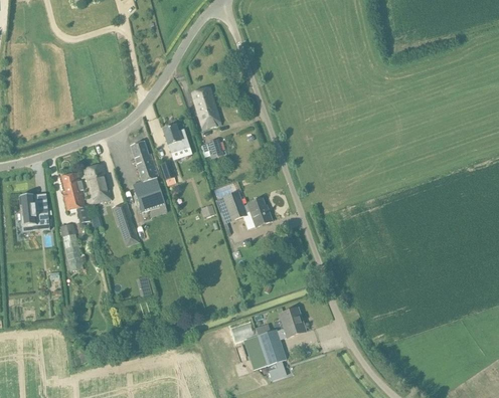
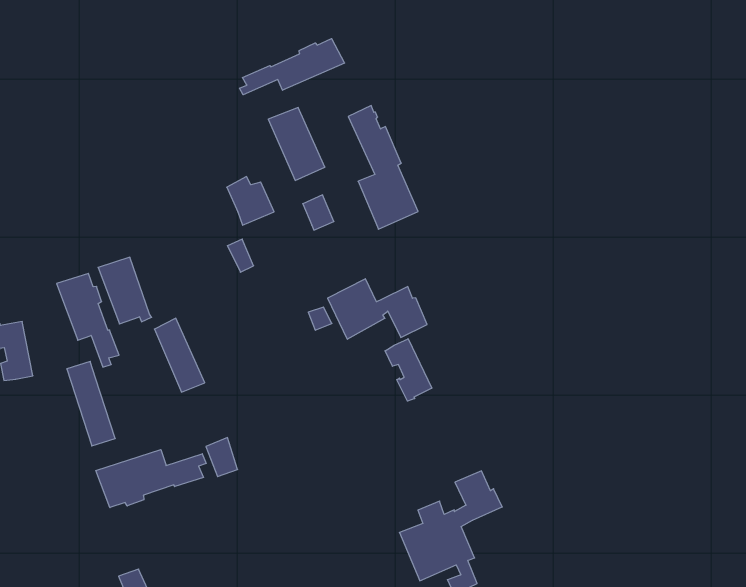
building: none -> [240,39,345,95]
building: [130,140,165,212] -> [348,106,418,229]
building: none -> [385,339,432,401]
building: none -> [96,450,206,508]

